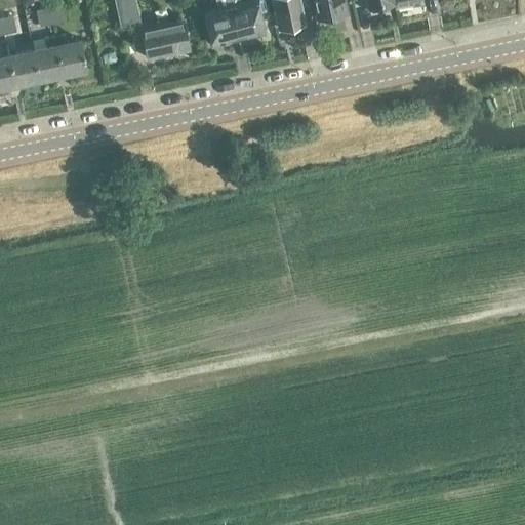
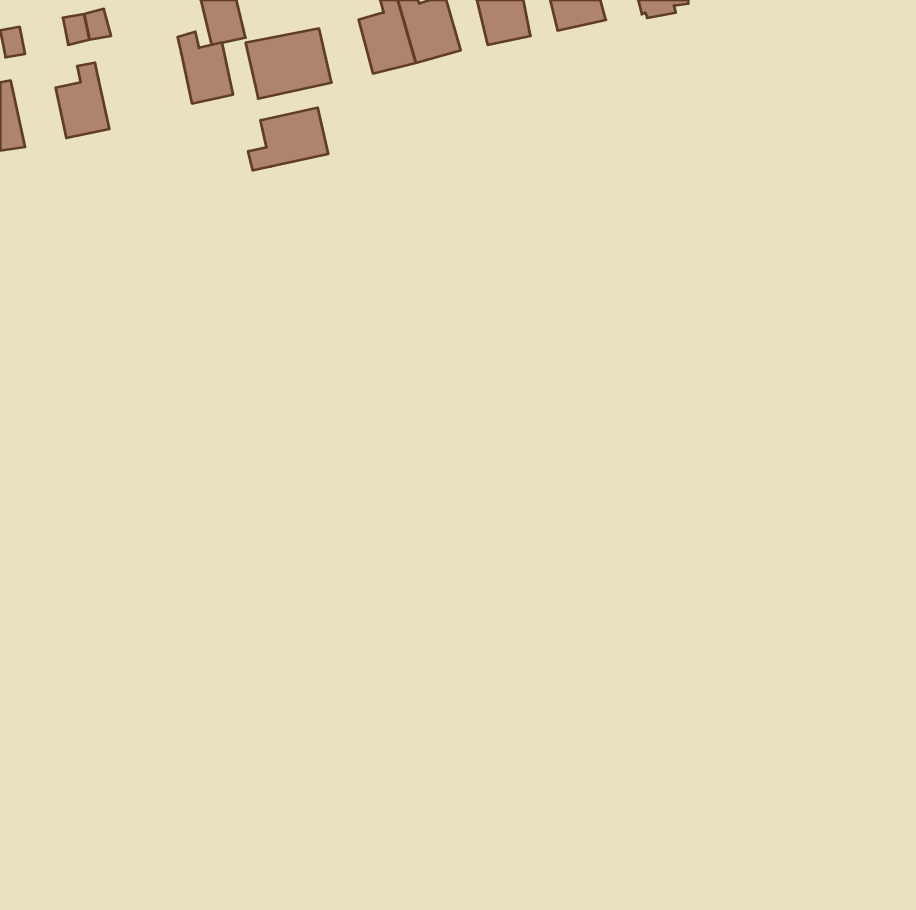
building: [54,36,86,77] -> [178,32,233,103]
building: [6,47,38,87] -> none
building: none -> [248,108,328,170]

